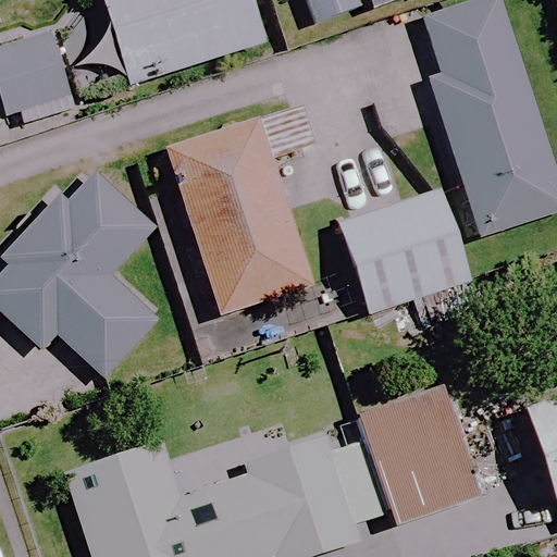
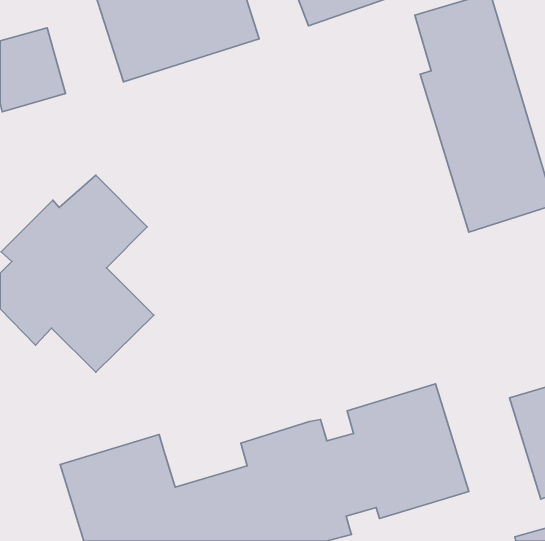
building: [165,108,313,314] -> none
building: [338,188,469,312] -> none

